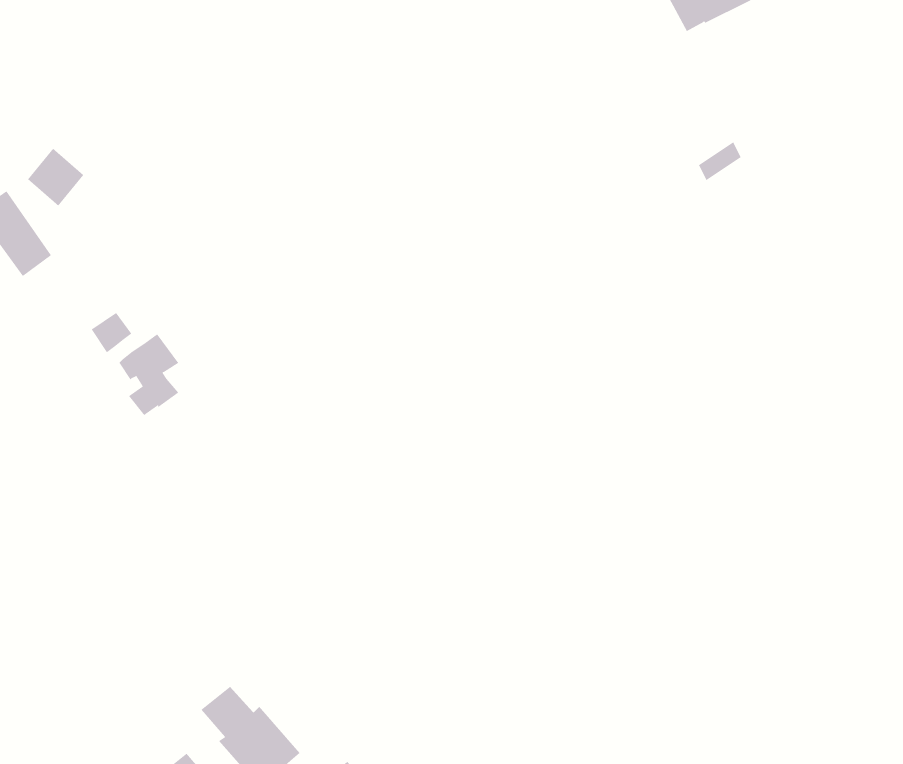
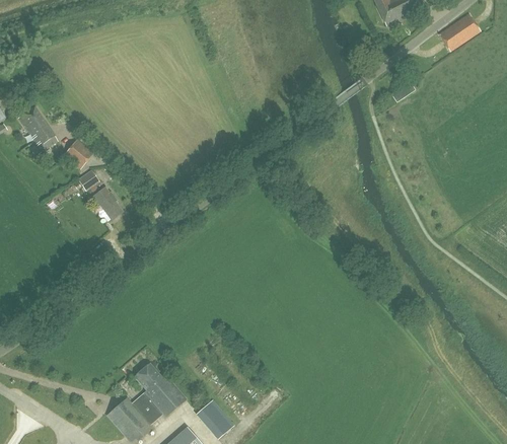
building: none -> [438,13,480,51]
building: [27,148,84,207] -> [63,138,92,168]

